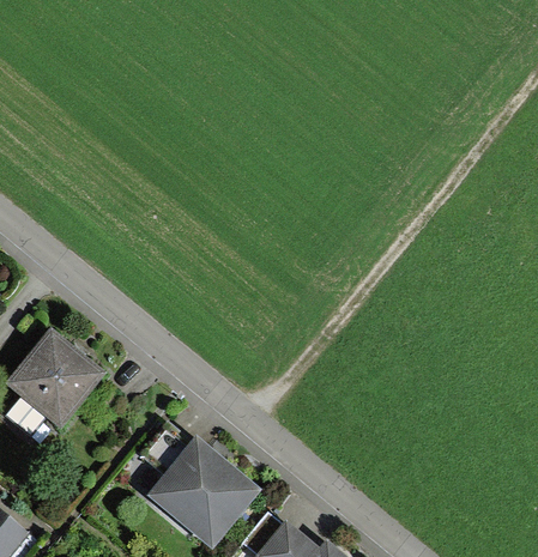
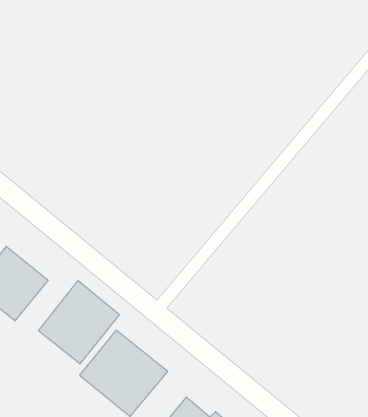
building: none -> [39,281,120,364]

